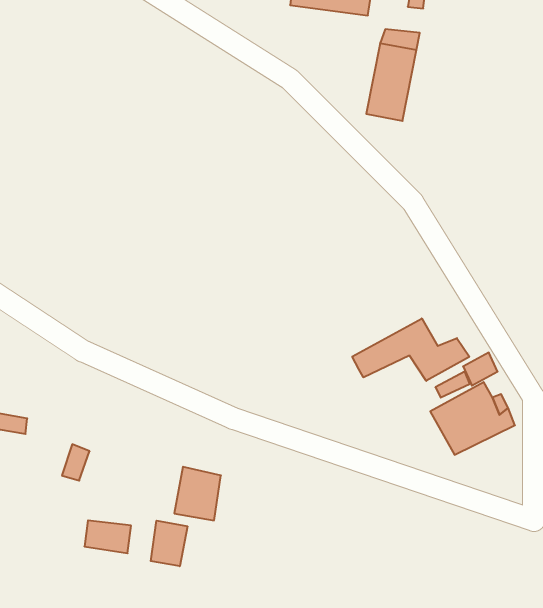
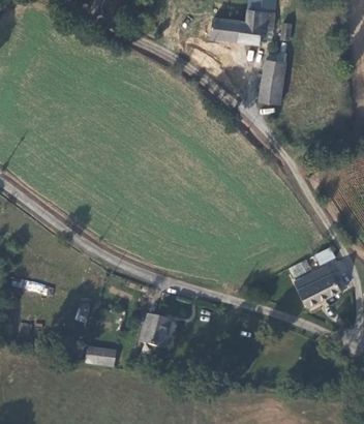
building: [352,318,469,381] -> none
building: [151,521,187,566] -> none

